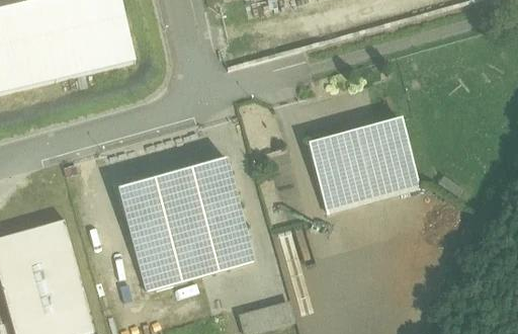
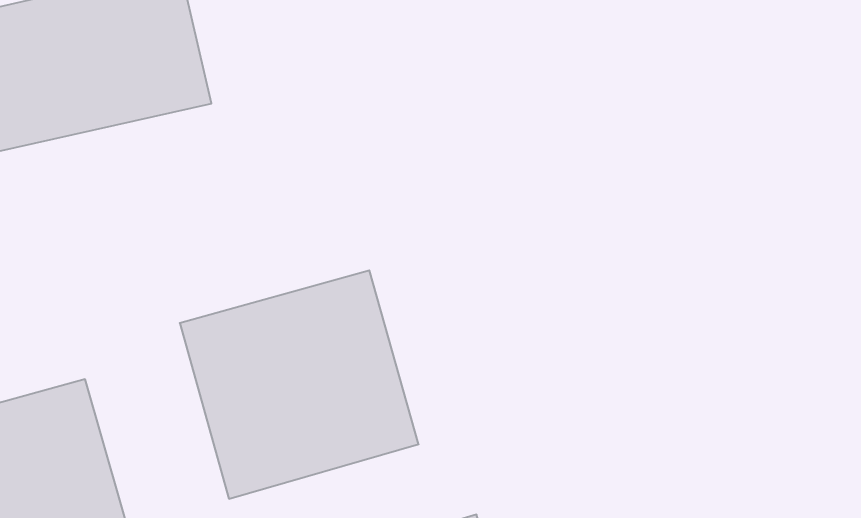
building: [310,118,419,212] -> none

